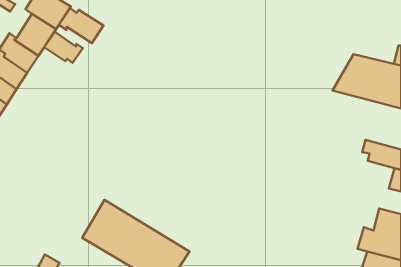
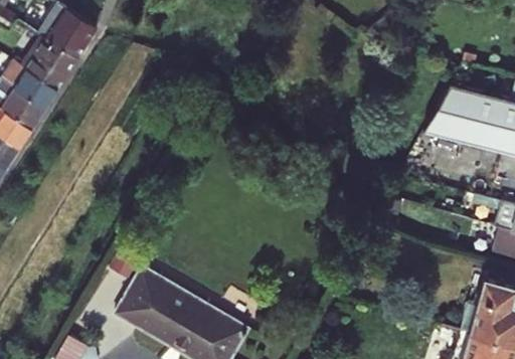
building: [59,8,103,43] -> none
building: [44,32,83,63] -> none

